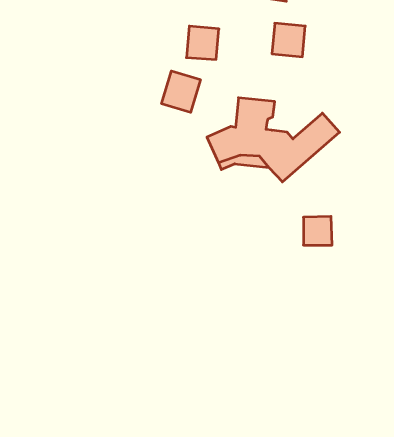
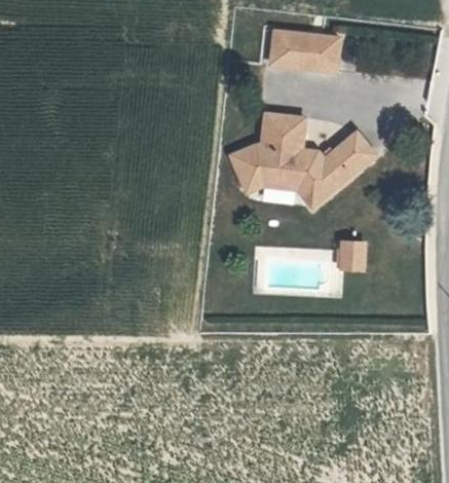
building: [186,26,219,59] -> [270,31,305,67]
building: [162,71,200,112] -> none

